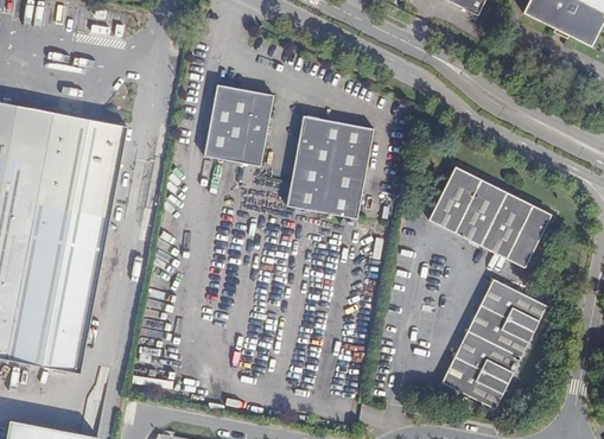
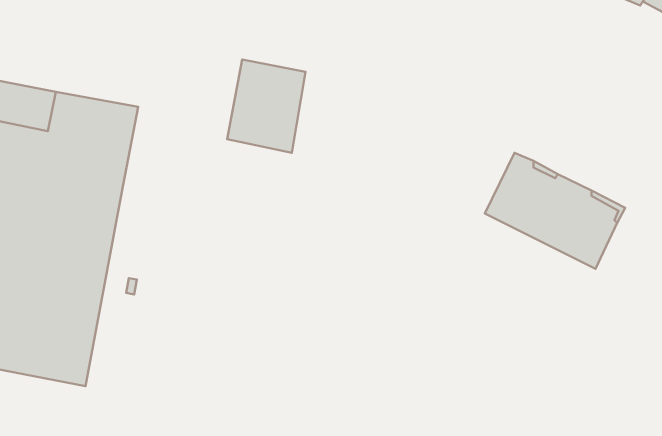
building: [286,117,374,221] -> none
building: [443,280,547,409] -> none

